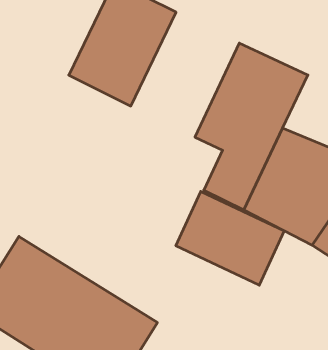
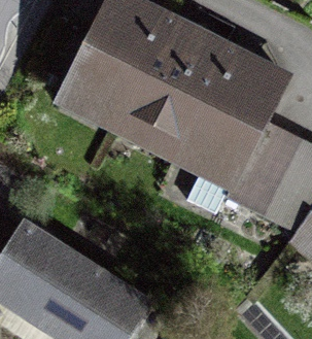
building: none -> [124,16,224,133]
building: [176,191,284,285] -> none

